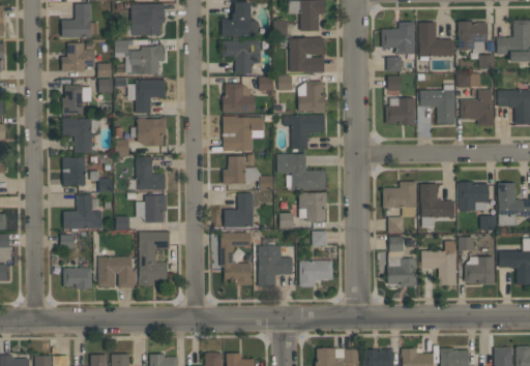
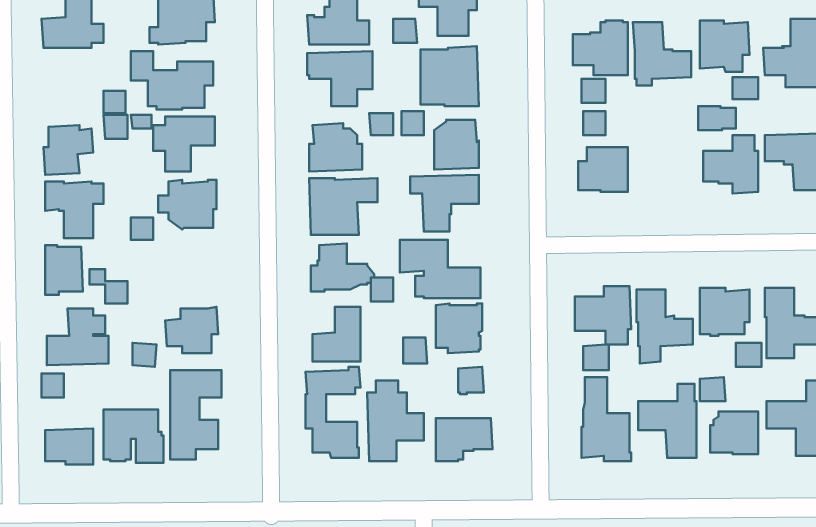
building: [62,43,95,72] -> none
building: [420,86,454,124] -> none
building: [129,157,166,190] -> none

